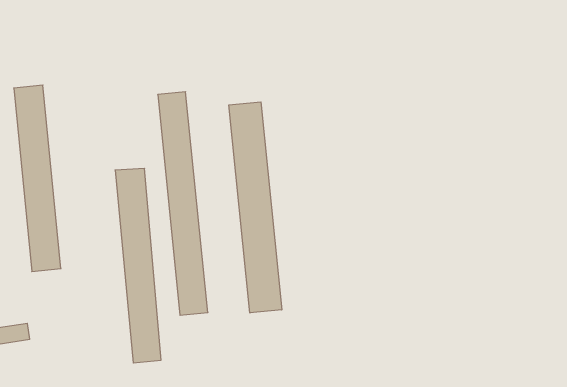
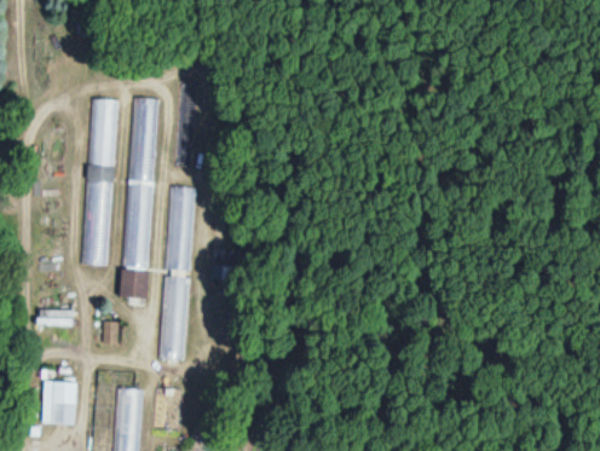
building: [158,92,208,315] -> [122,97,157,299]
building: [229,102,282,313] -> none

